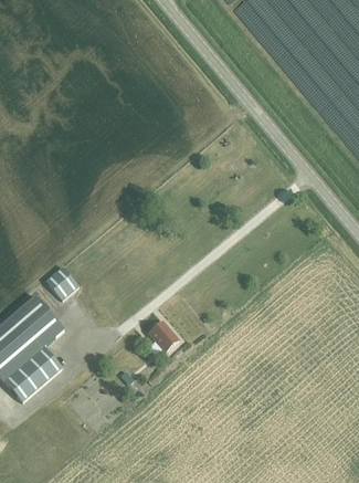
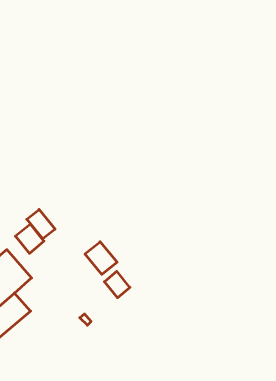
building: none -> [27,209,55,239]
building: none -> [85,242,117,274]

